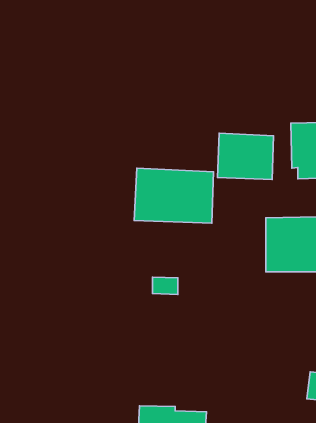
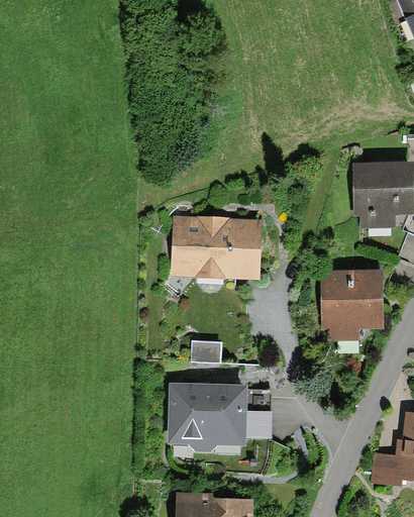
building: [217,133,274,179] -> none
building: none -> [169,383,272,451]

